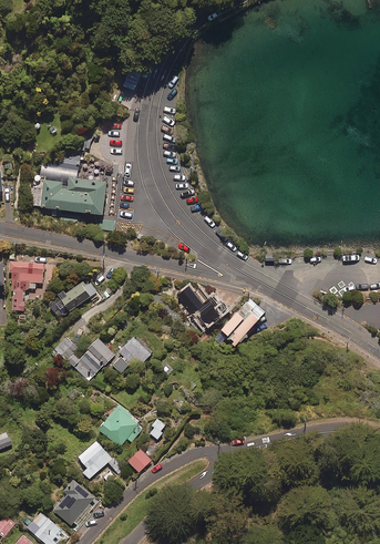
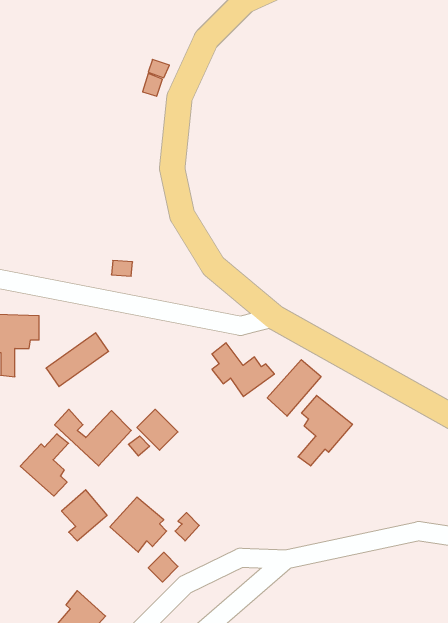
building: [35,153,107,216] -> none
building: none -> [298,395,352,466]
building: none -> [20,434,69,496]
building: [76,439,112,479] -> [62,490,107,541]

